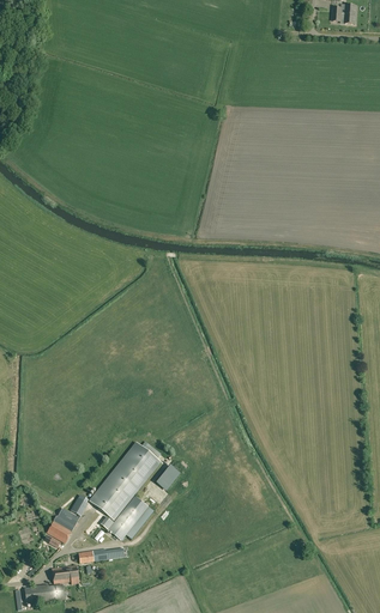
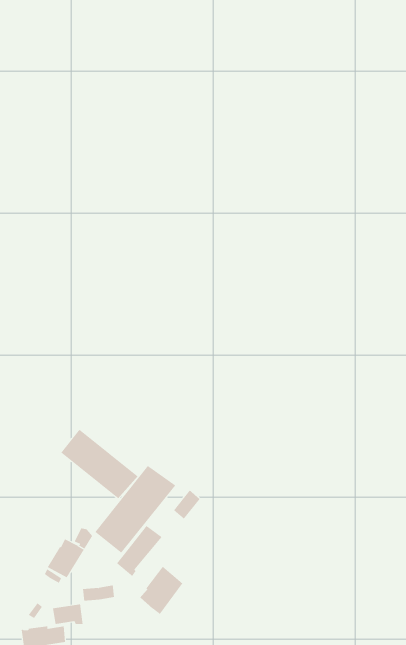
building: none -> [60,429,139,499]
building: none -> [139,566,183,615]

